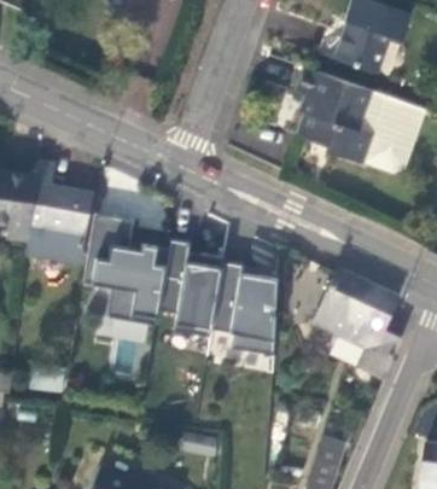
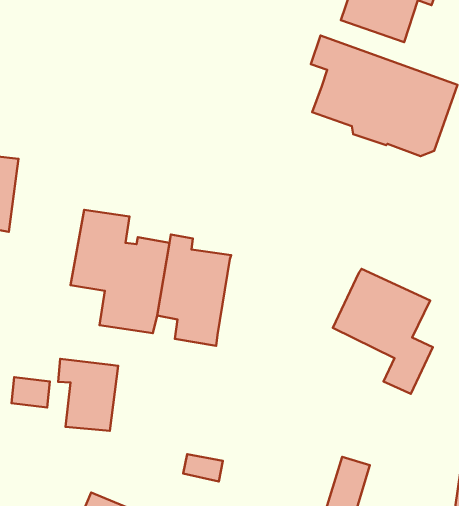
building: [27,158,91,256] -> none
building: [212,261,279,356] -> none
building: none -> [58,359,118,431]

